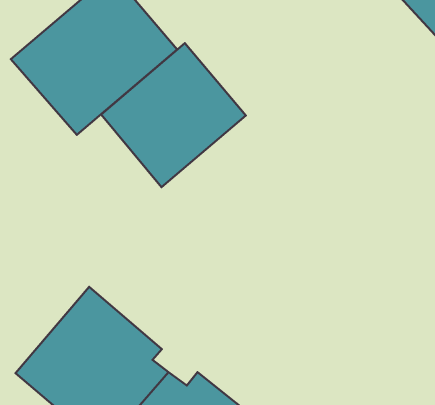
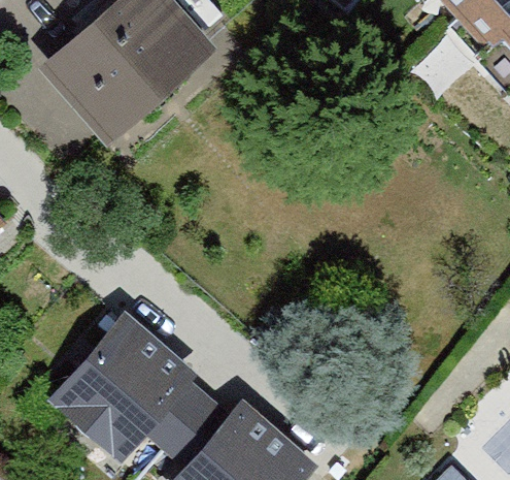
building: [101,43,246,187] -> none

